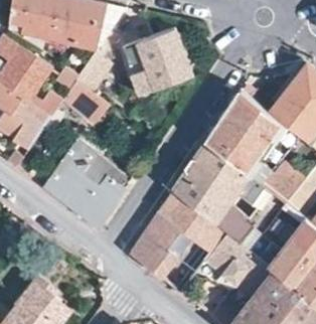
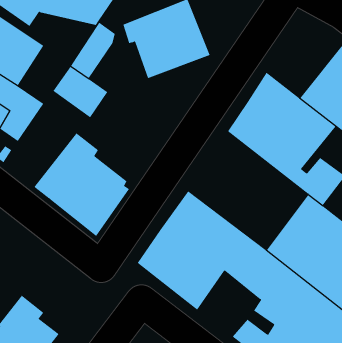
building: [174,141,276,241] -> none

